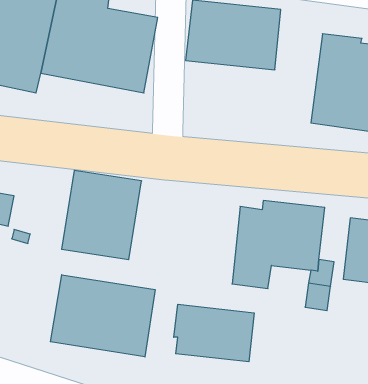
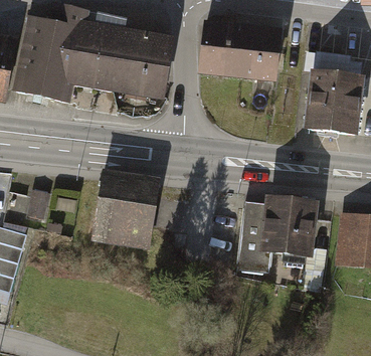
building: [50,275,155,357] -> none
building: [174,304,254,362] -> none

